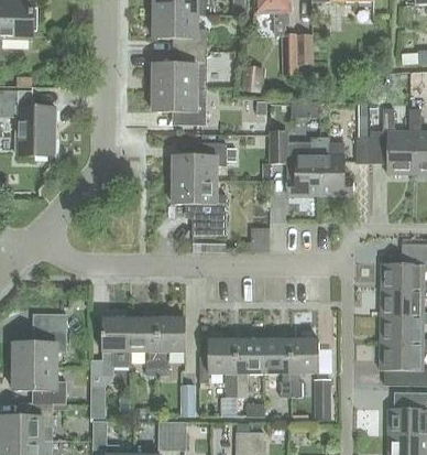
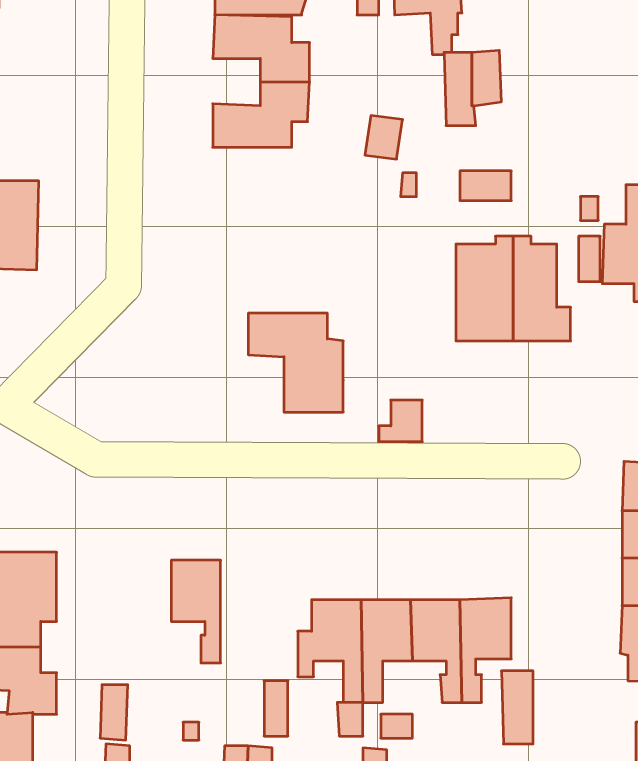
building: [152,87,205,124] -> none
building: [267,130,287,163] -> none
building: [172,142,236,180] -> none
building: [101,317,129,375] -> none
building: [156,317,184,375] -> none

